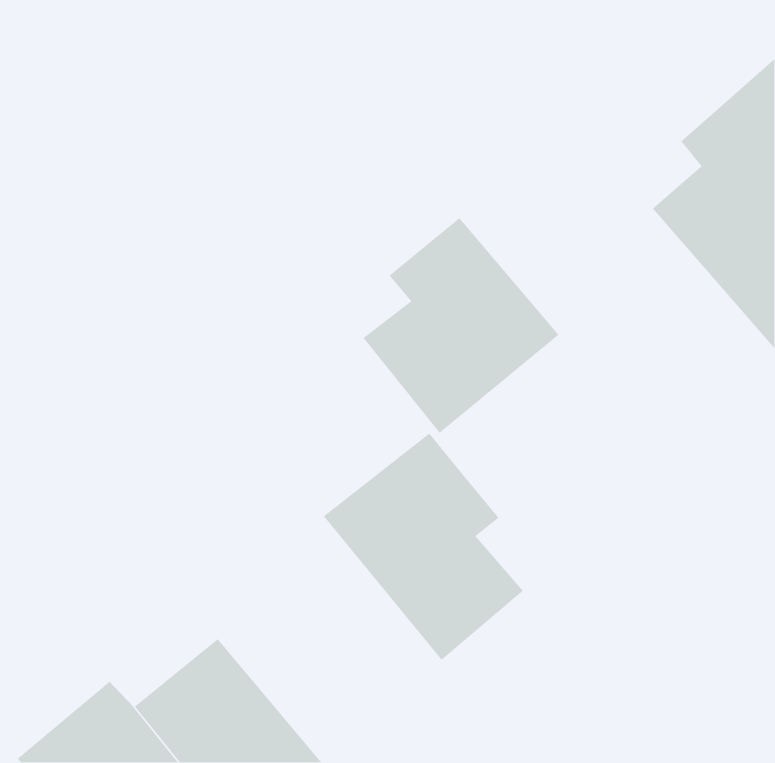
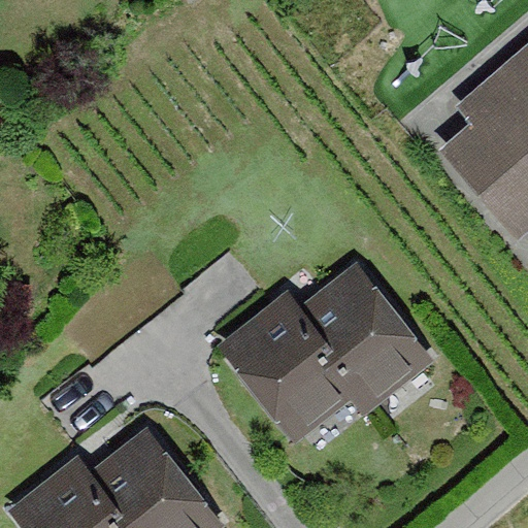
building: [362,217,560,434] -> none
building: none -> [309,273,435,417]

